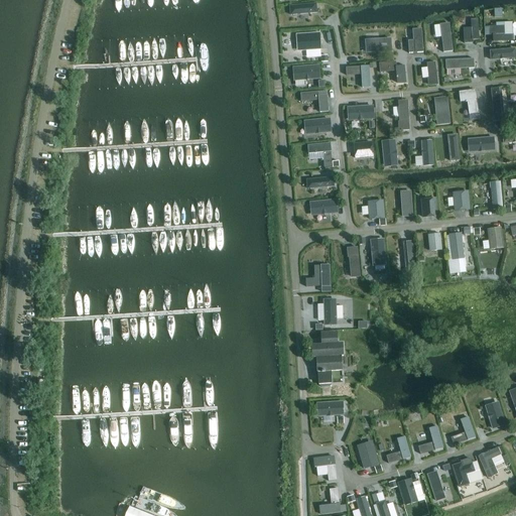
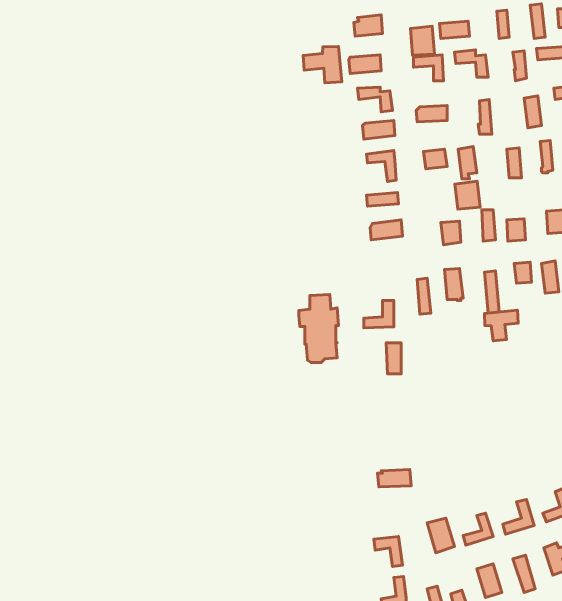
building: none -> [410,26,434,55]
building: none -> [303,46,342,83]
building: none -> [455,181,480,209]
building: none -> [485,310,518,341]
building: [311,331,344,386] -> [299,294,338,363]

